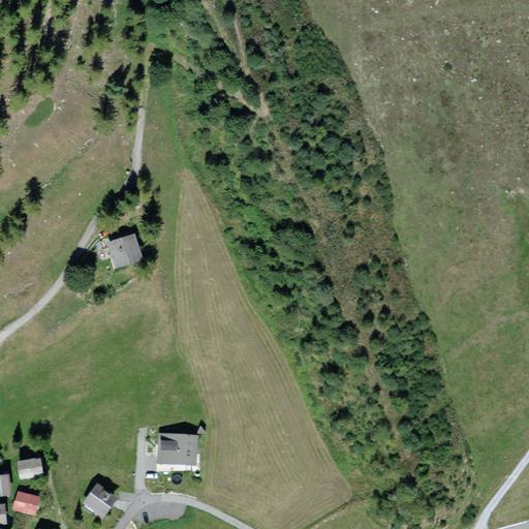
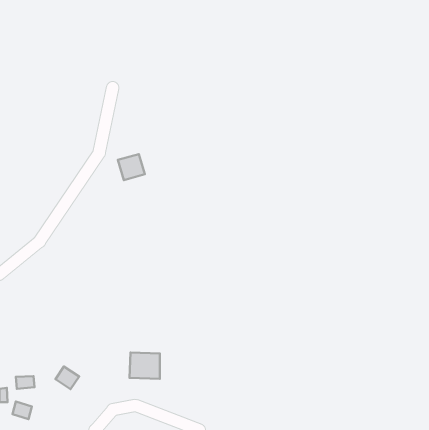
building: [106,235,139,267] -> [118,154,145,180]
building: [87,485,116,512] -> [56,366,79,389]

